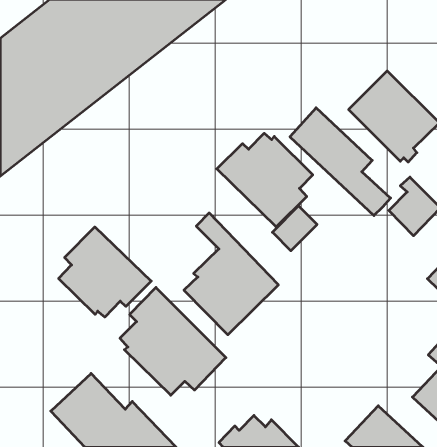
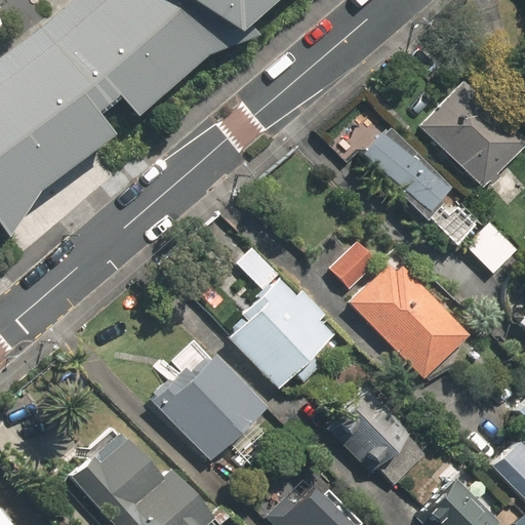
building: [217,133,313,227] -> none
building: none -> [352,262,469,378]
building: [59,227,151,317] -> none
building: none -> [330,389,411,470]

